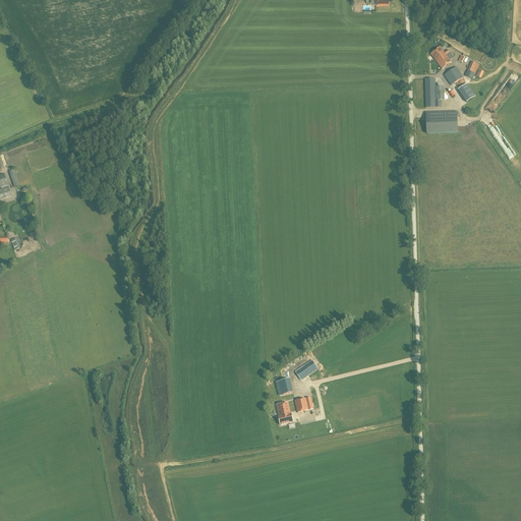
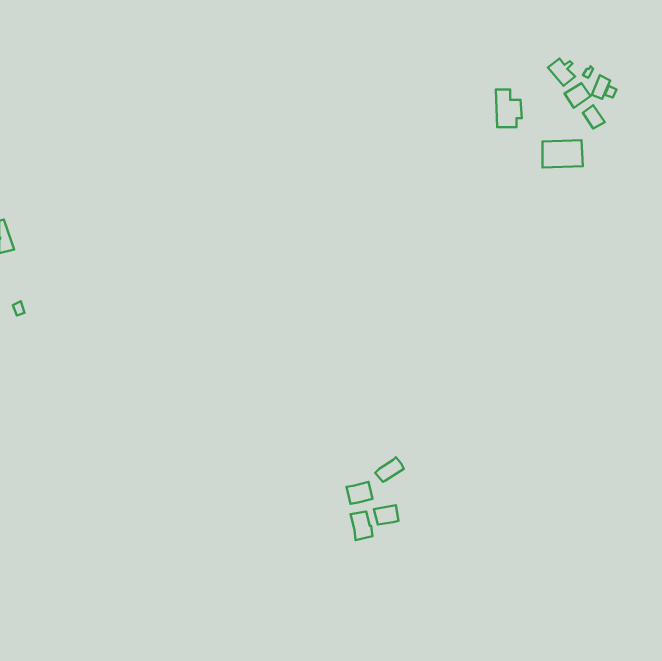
building: [423,76,444,106] -> [496,90,522,127]

